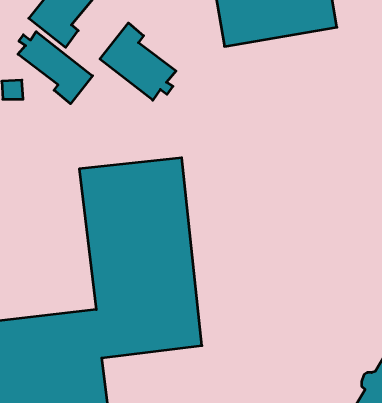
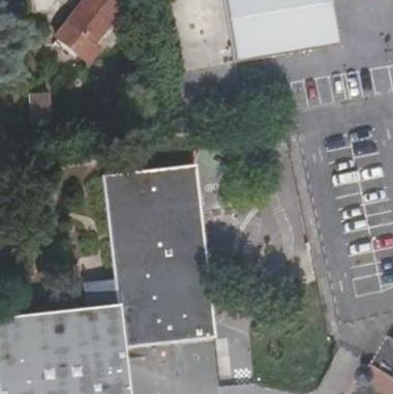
building: [100,23,176,100] -> none
building: [18,32,93,104] -> none

